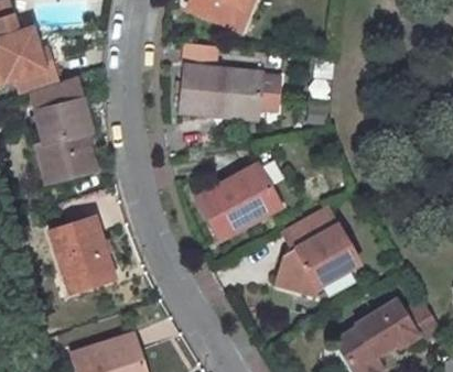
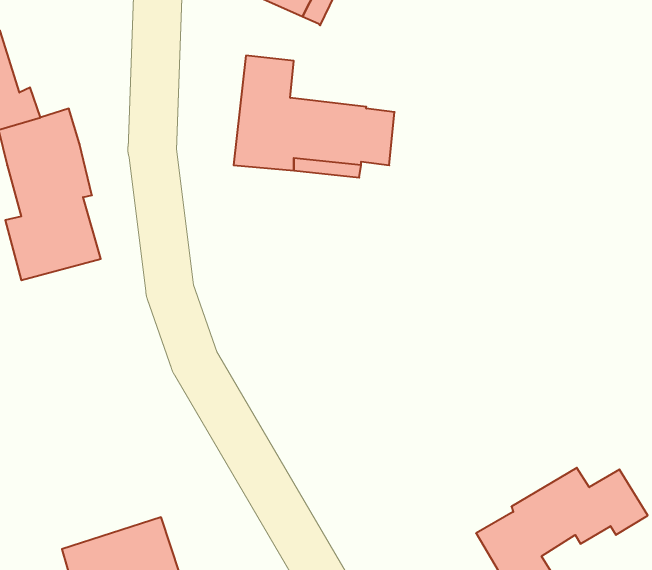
building: [197,167,278,239] -> none
building: [273,207,355,295] -> none
building: [52,216,114,289] -> none

